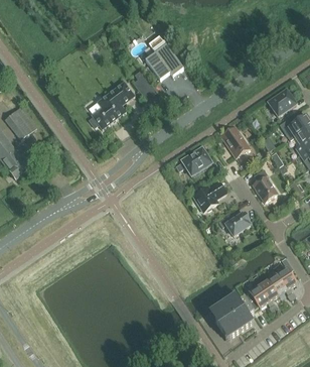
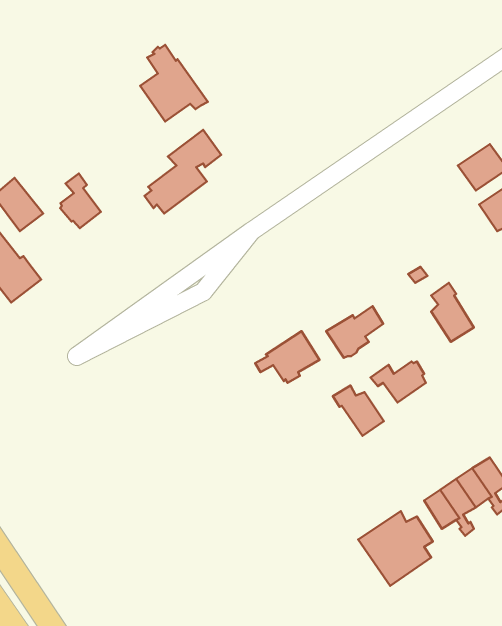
building: [145,36,183,80] -> [140,45,208,122]
building: none -> [60,173,101,228]
building: [220,126,249,157] -> none
building: [175,147,211,176] -> [255,331,319,383]
building: none -> [333,386,384,436]

